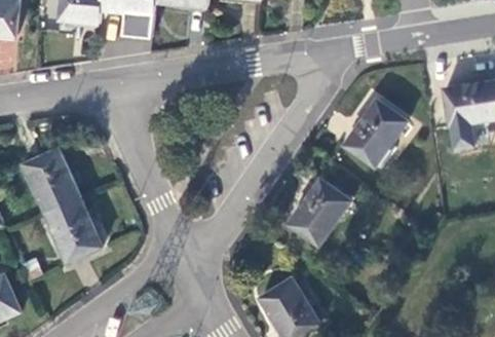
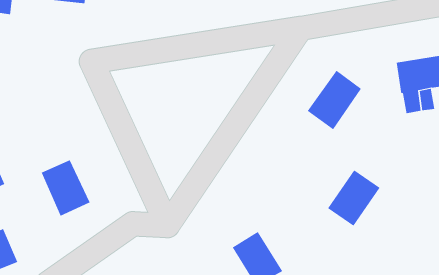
building: [26,148,80,212] -> none
building: [291,179,350,242] -> [327,170,380,226]

